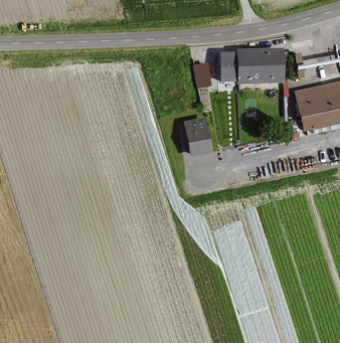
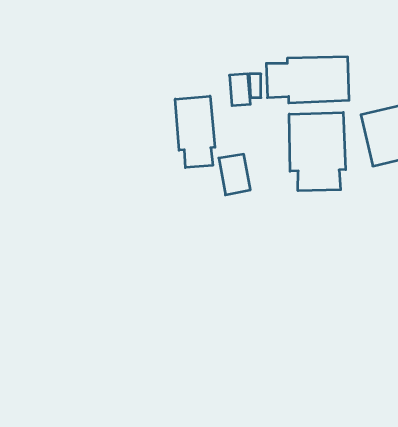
building: none -> [175,96,215,168]
building: none -> [289,112,346,191]

